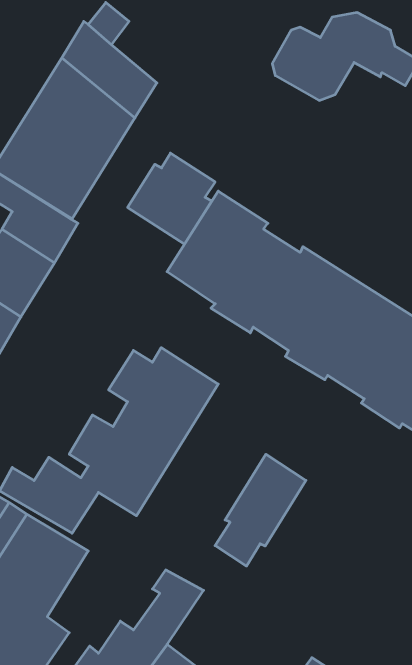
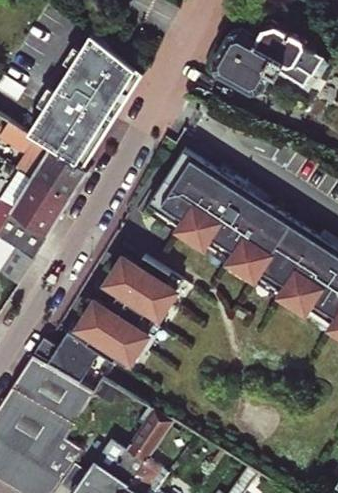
building: [128,153,215,244] -> none
building: [215,454,306,566] -> none

